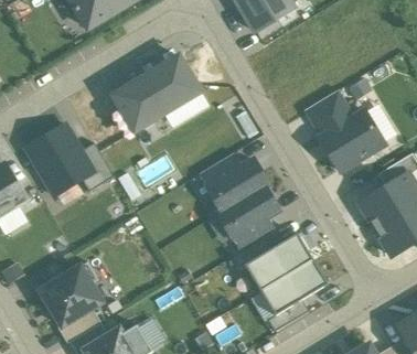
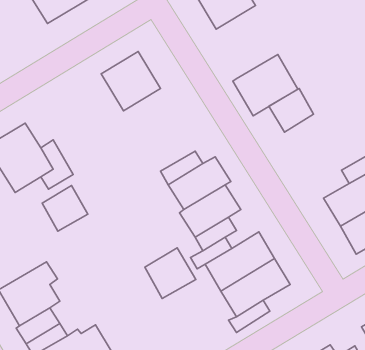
building: [111,77,163,131] -> none
building: [319,110,383,171] -> [233,54,298,116]
building: none -> [42,186,88,231]
building: none -> [145,248,196,299]

